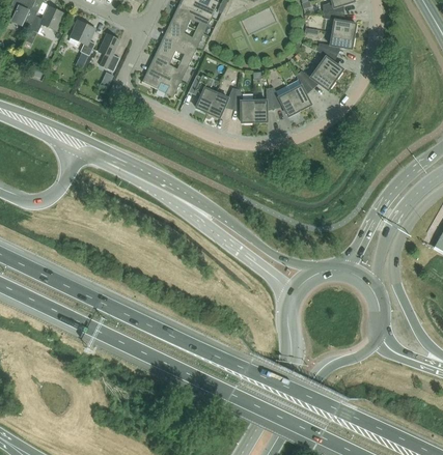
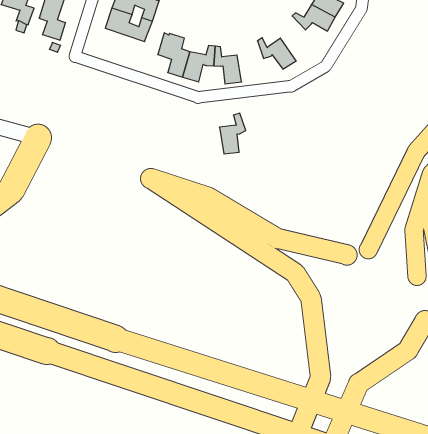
building: [141,65,181,96] -> none
building: [287,74,311,110] -> none
building: [253,90,274,121] -> [219,113,246,154]

